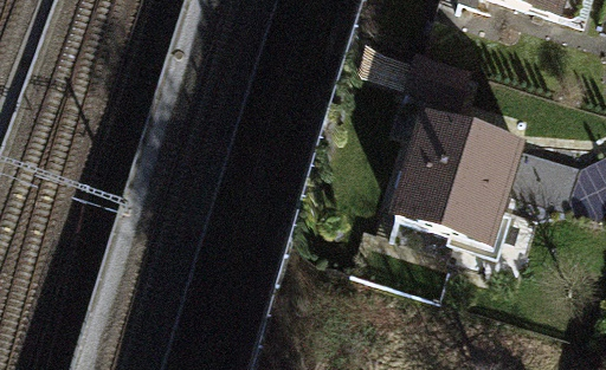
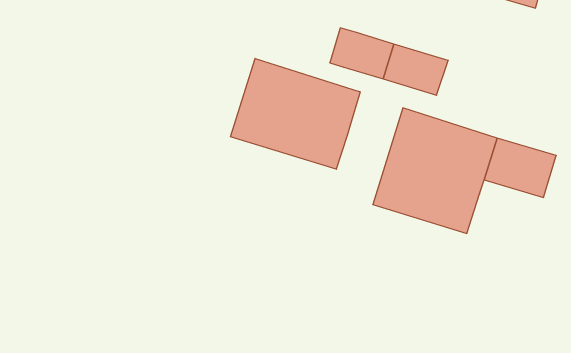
building: none -> [230,58,360,169]

